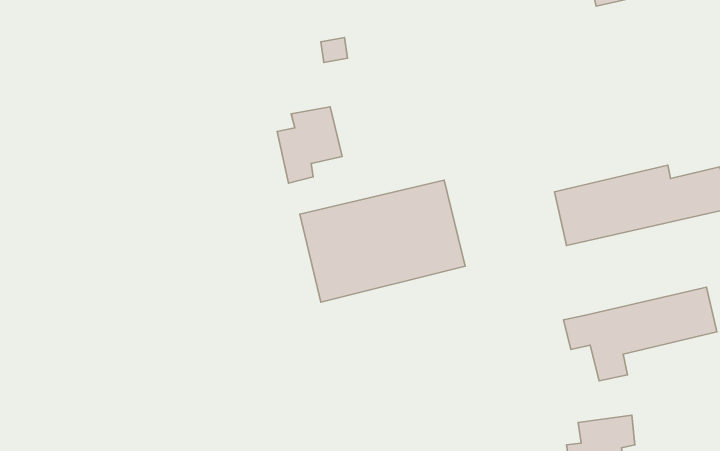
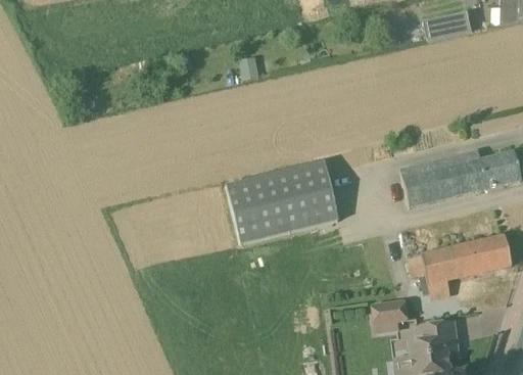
building: [277,107,342,183] -> none
building: none -> [373,298,410,333]

